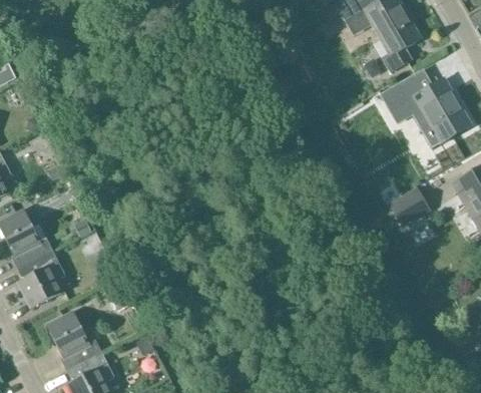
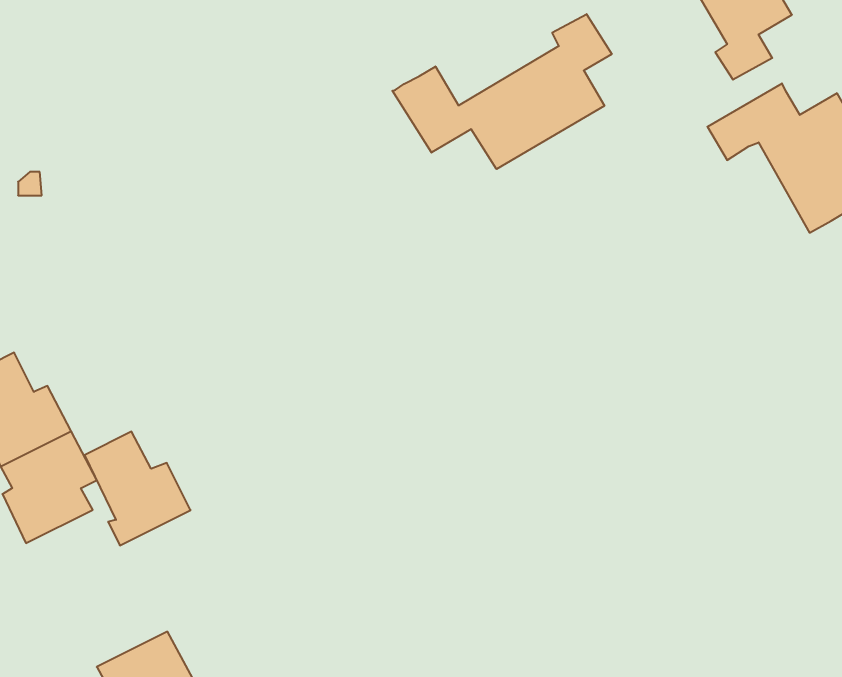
building: none -> [392,14,612,169]
building: [390,189,430,228] -> none
building: [48,313,102,371] -> [84,432,191,545]

